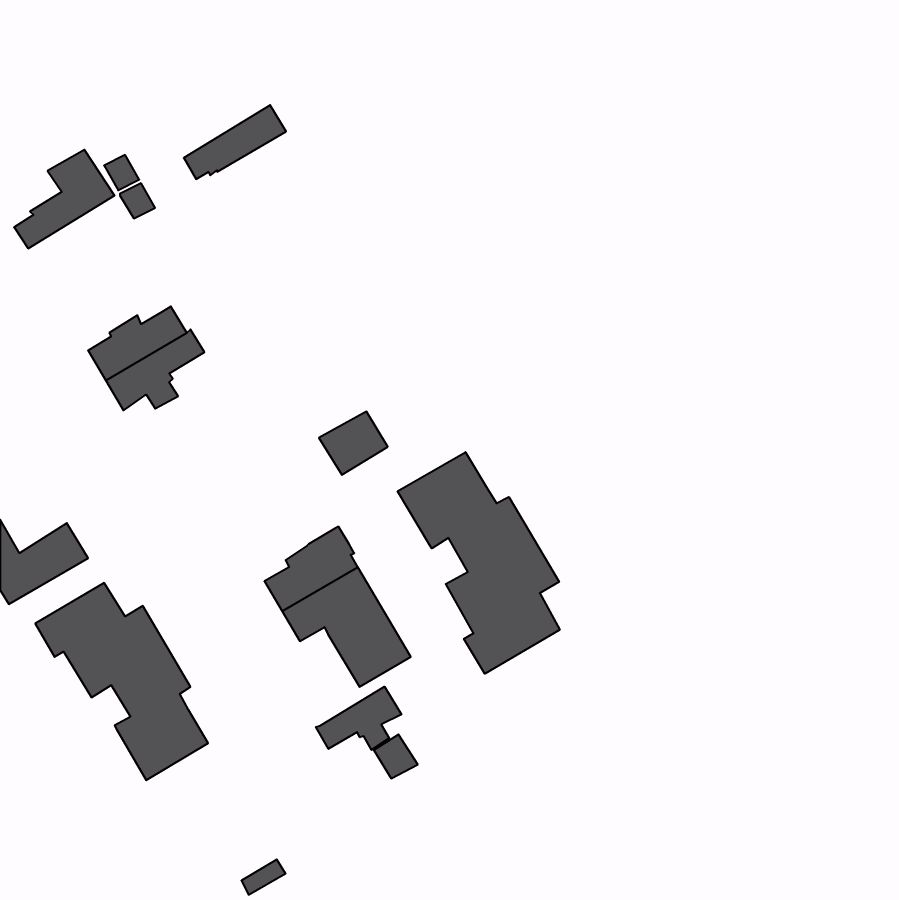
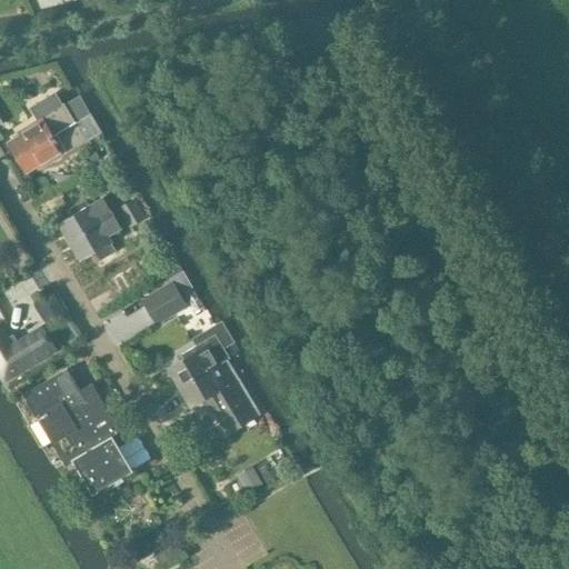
building: [184,105,286,179] -> [19,123,83,170]
building: [319,412,388,475] -> [143,283,187,323]
building: [398,452,560,674] -> none
building: [316,687,401,750] -> none

